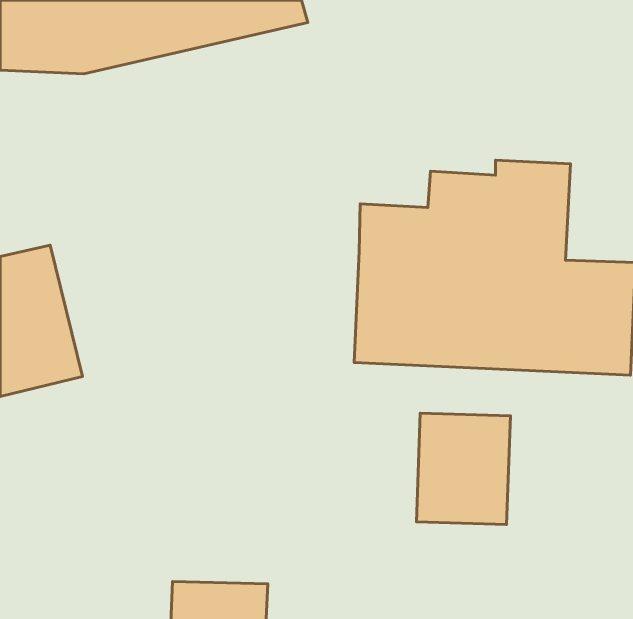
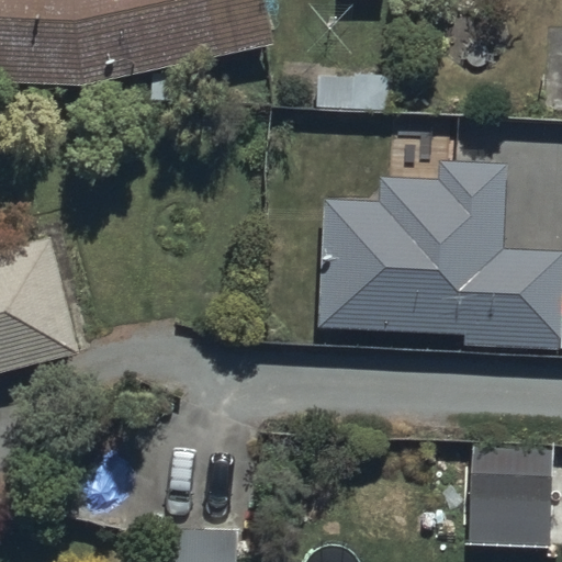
building: [417,413,510,524] -> [469,449,551,547]

